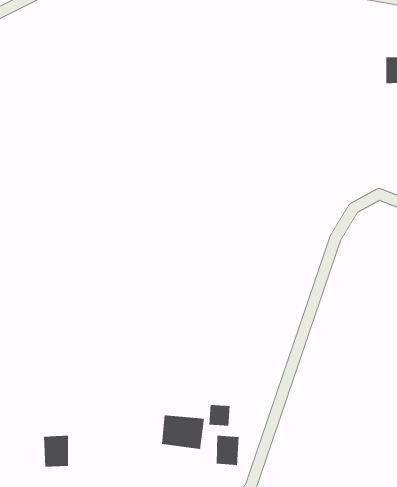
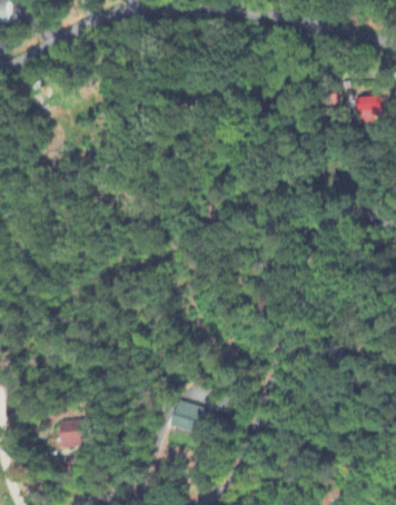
building: [216,435,239,466] -> none

